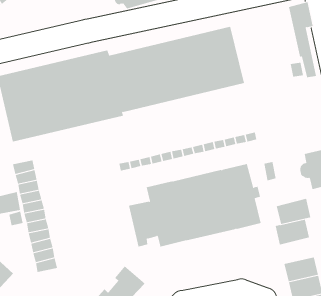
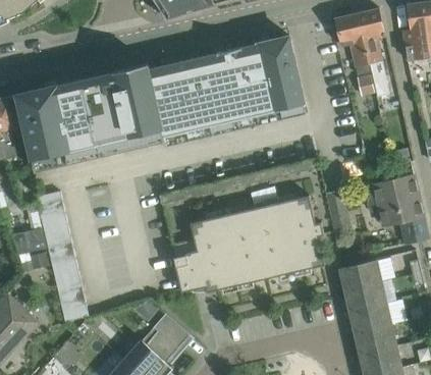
building: none -> [334,13,368,74]
building: [276,198,311,225] -> [344,280,385,311]

